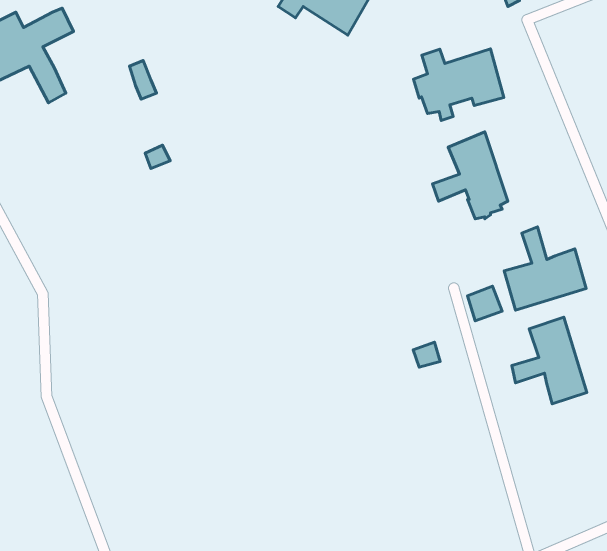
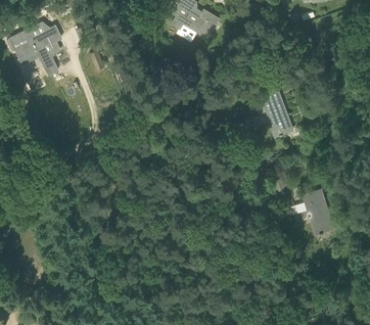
building: [413,49,504,121] -> none
building: [504,227,586,310] -> none

